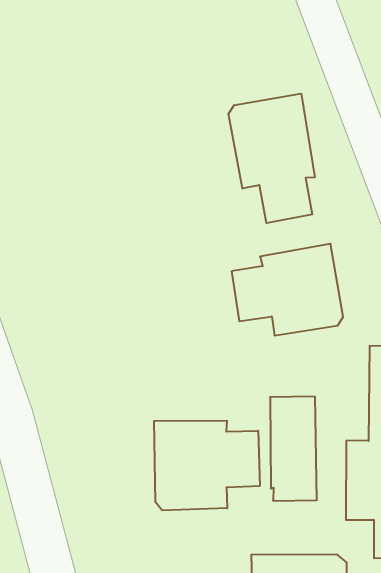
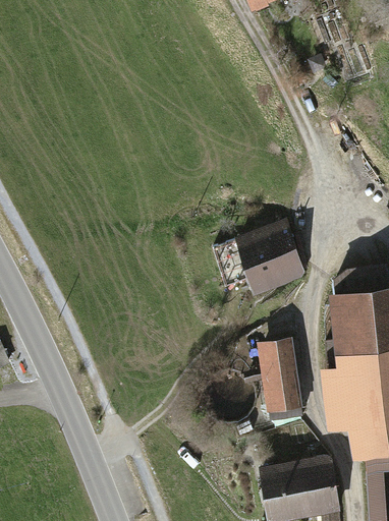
building: [229,94,315,223] -> none
building: [154,421,260,510] -> none

